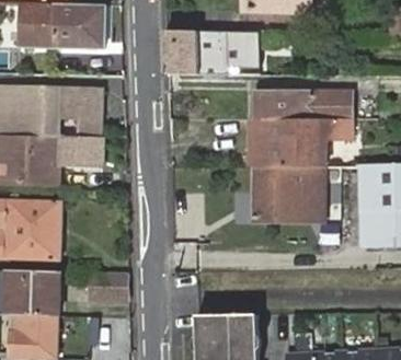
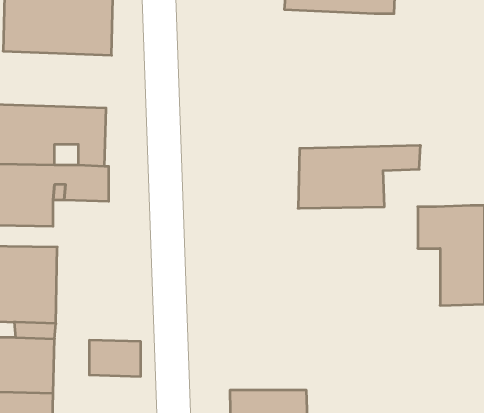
building: [164,33,257,76] -> none
building: [251,93,346,121] -> none
building: [251,167,322,222] -> none

